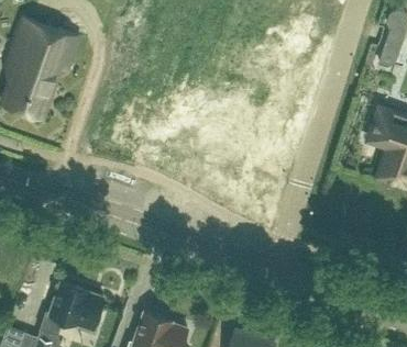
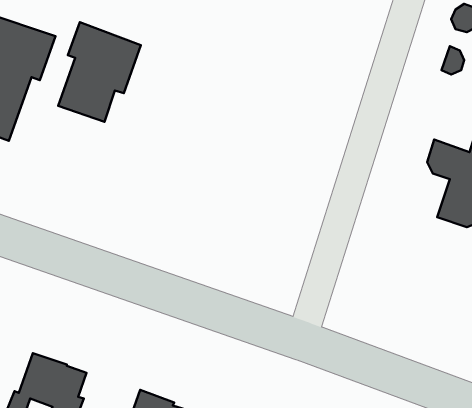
building: none -> [58,22,141,122]

